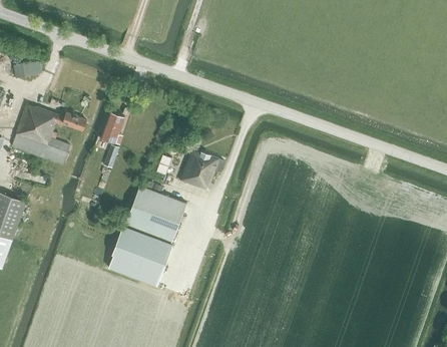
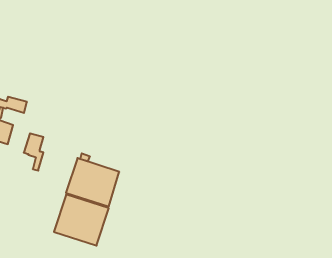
building: [100,114,123,156] -> [24,133,43,171]
building: [179,148,223,190] -> none

